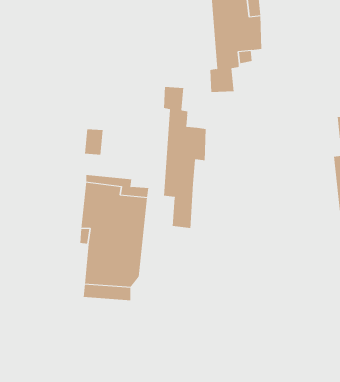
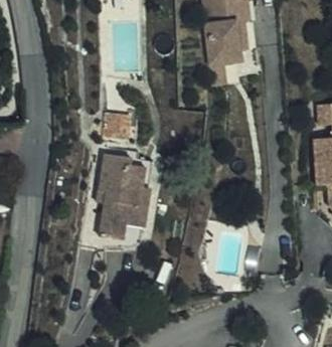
building: [164,86,206,229] -> none

